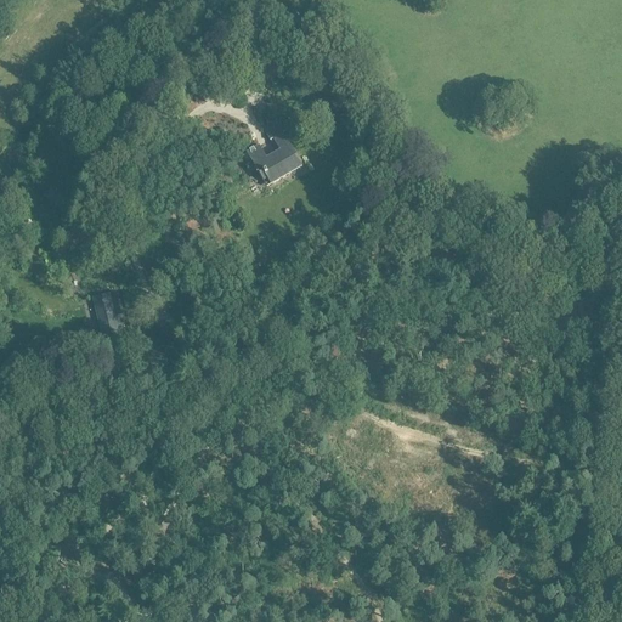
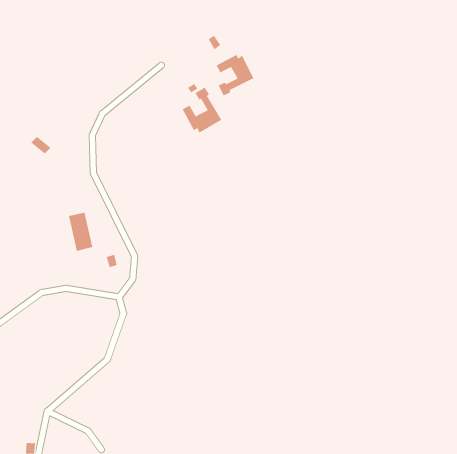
building: none -> [216,54,254,96]

